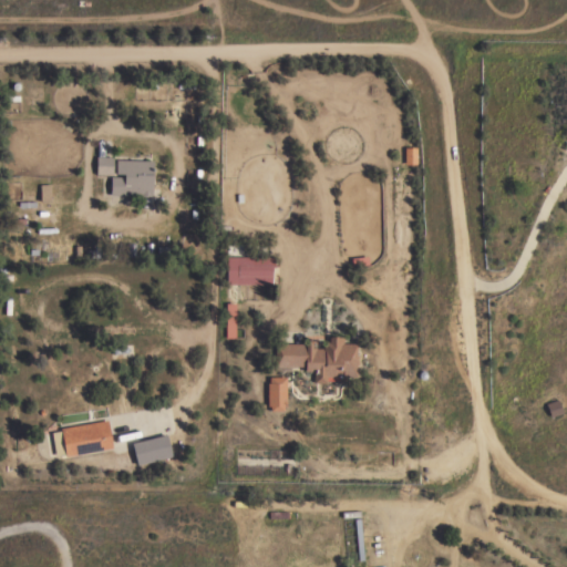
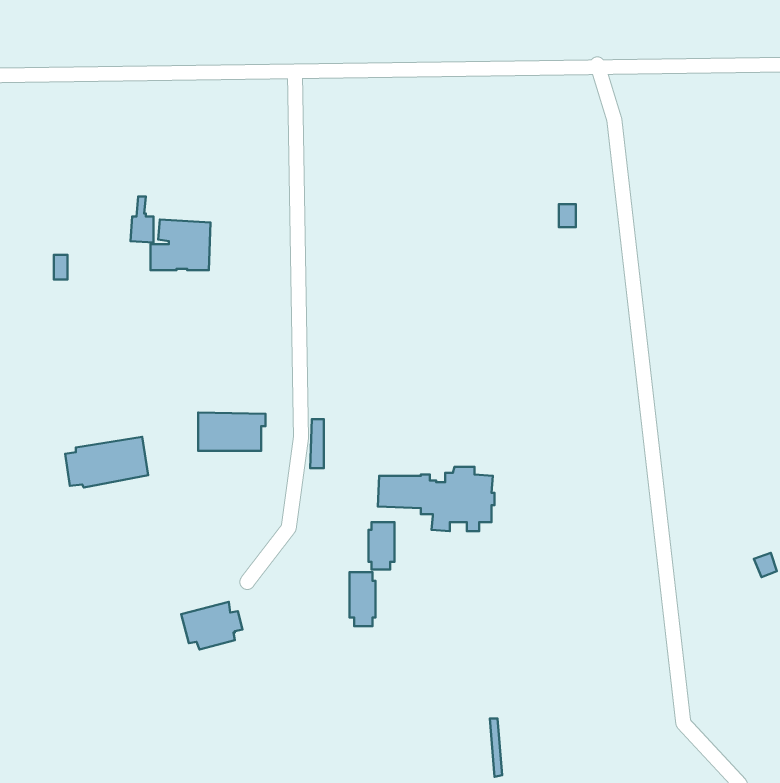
building: [228,257,277,285] -> [198,412,266,451]
building: none -> [350,572,375,626]
building: [54,421,114,457] -> [65,437,148,487]

